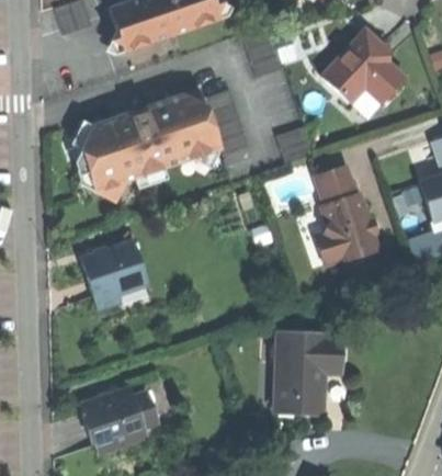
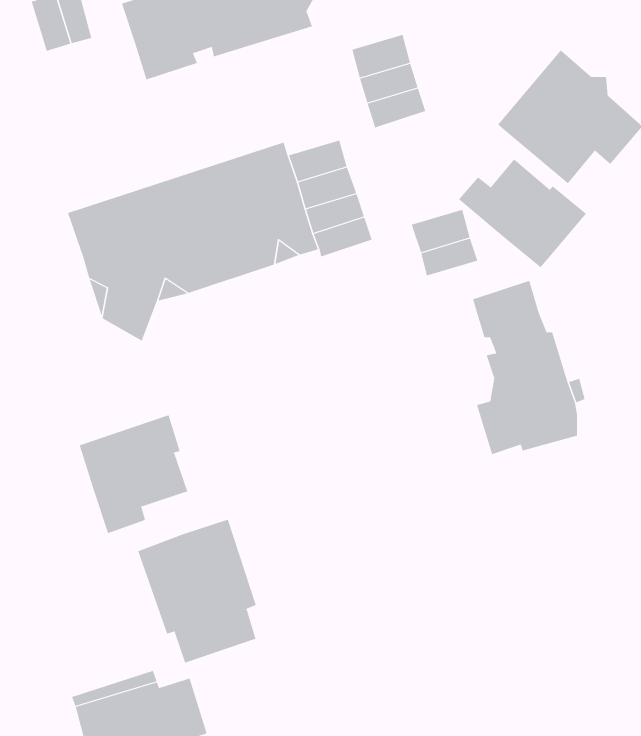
building: none -> [458,158,587,268]
building: none -> [137,519,257,663]
building: [273,337,337,413] -> none

